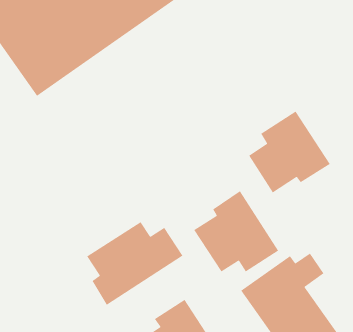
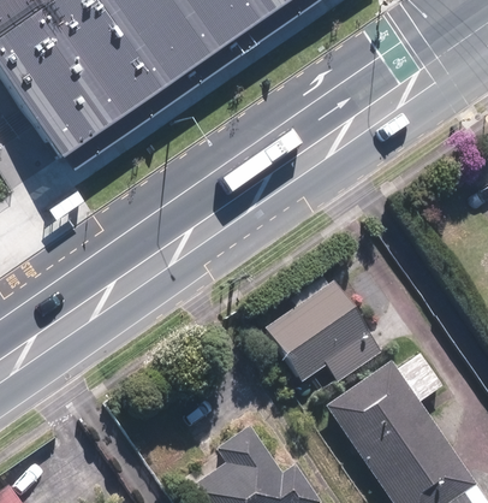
building: [248,111,331,194] -> none
building: [86,221,183,306] -> none

